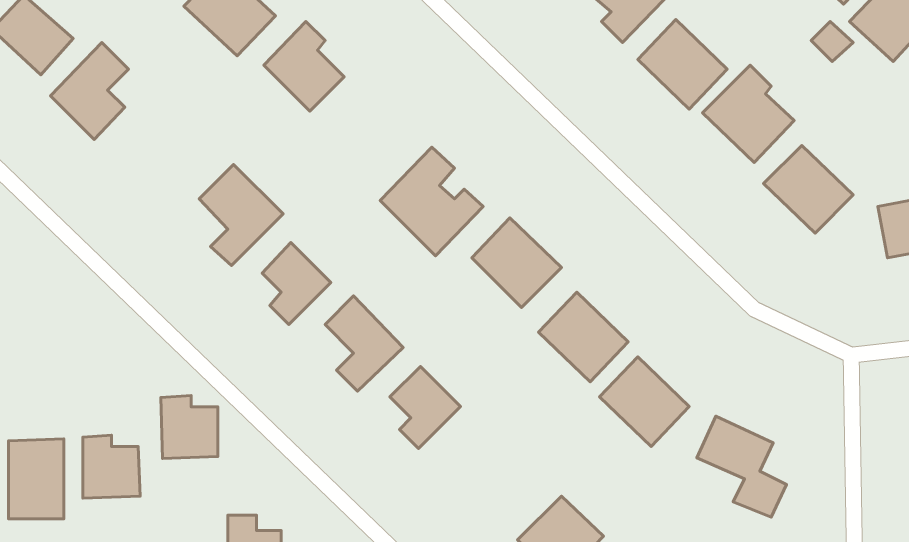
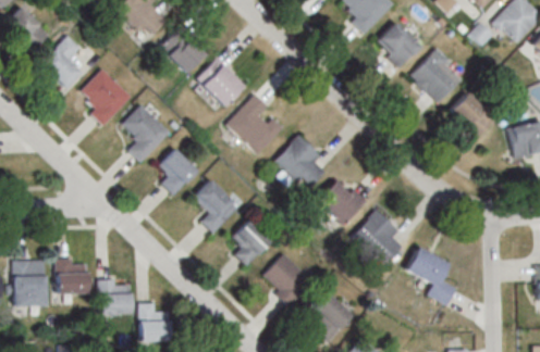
building: none -> [195,56,246,106]
building: none -> [84,67,133,126]
building: [161,395,218,458] -> [97,278,130,314]
building: none -> [261,253,312,303]

